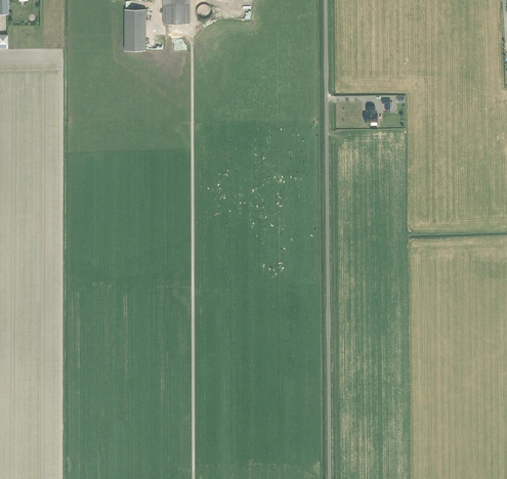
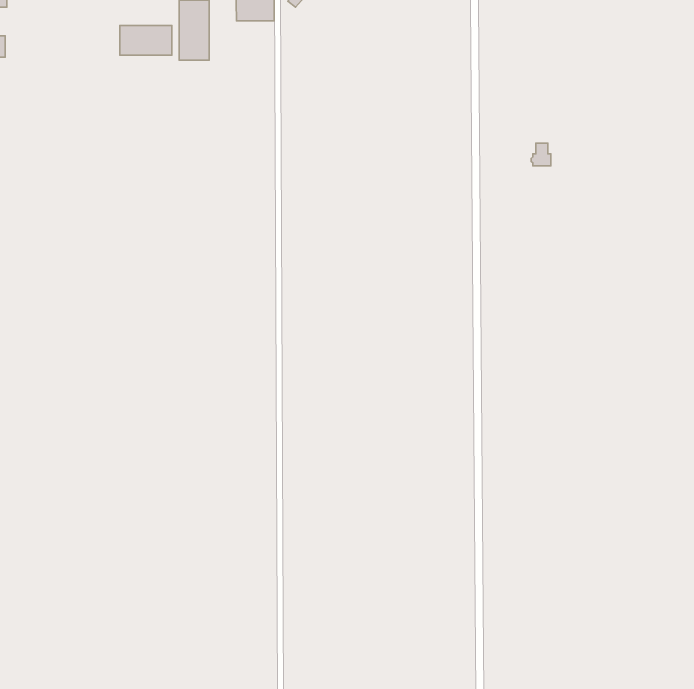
building: none -> [120,26,172,55]

